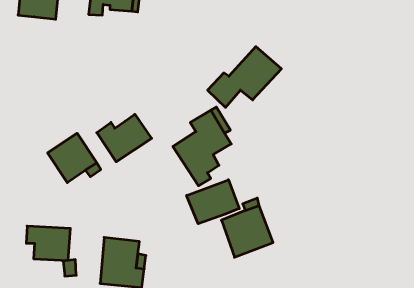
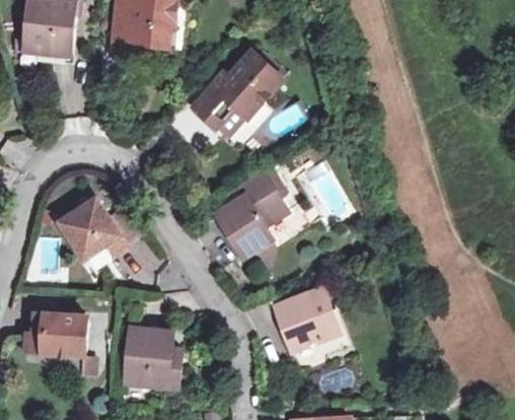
building: [208,47,281,107] -> [191,52,282,127]
building: [97,114,152,162] -> none
building: [187,180,239,224] -> none

